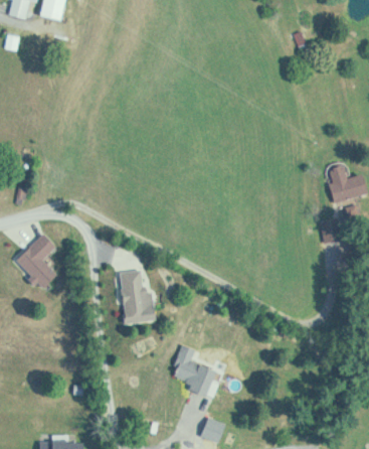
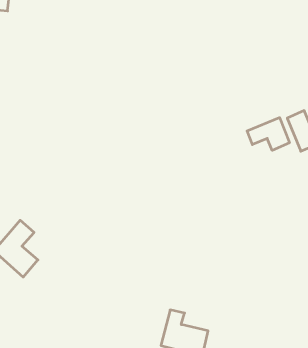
building: none -> [247,118,289,150]
building: [120,271,157,324] -> none

